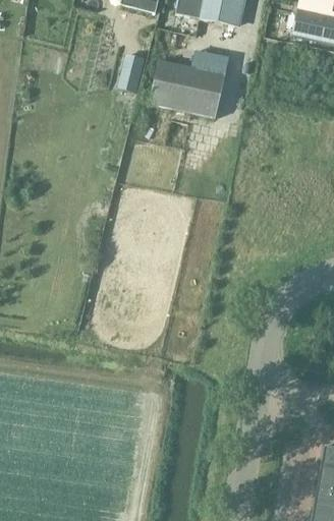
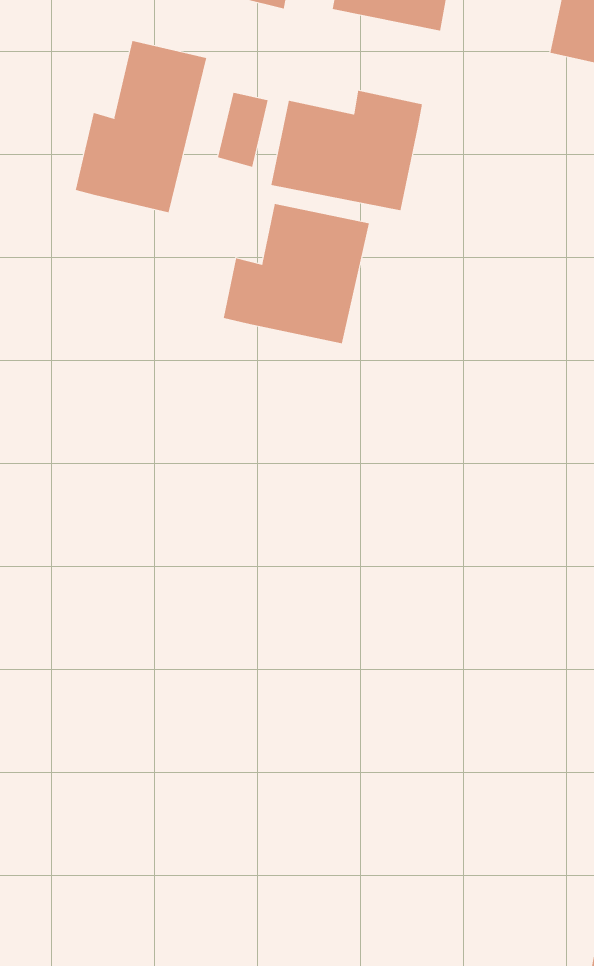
building: none -> [75,40,207,213]
building: none -> [223,203,369,344]

